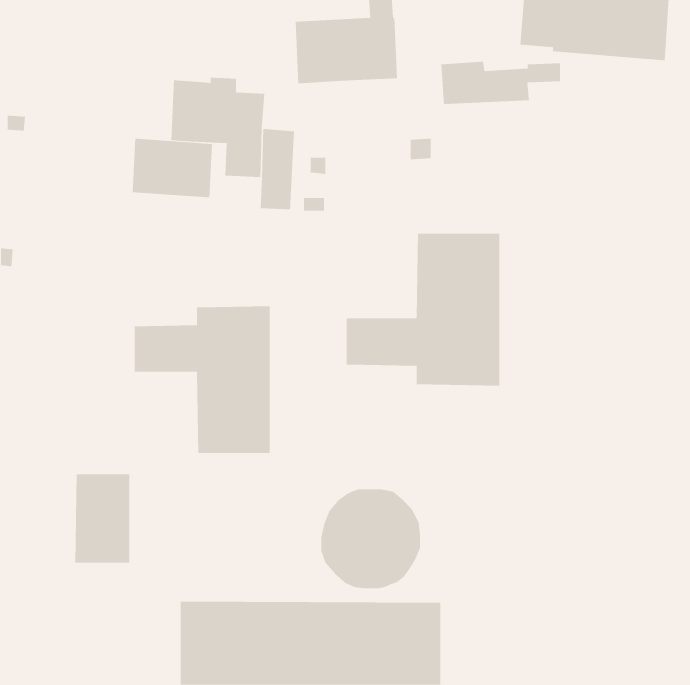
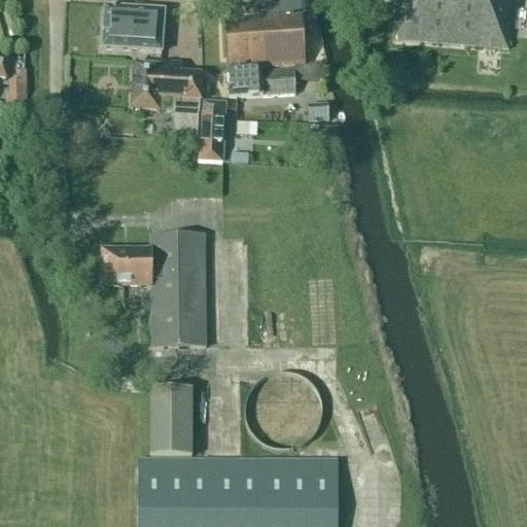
building: [440,61,561,105] -> [227,62,319,95]
building: [132,138,213,198] -> [102,4,164,49]
building: [346,233,500,386] -> none
building: [75,474,130,563] -> [149,386,191,454]

